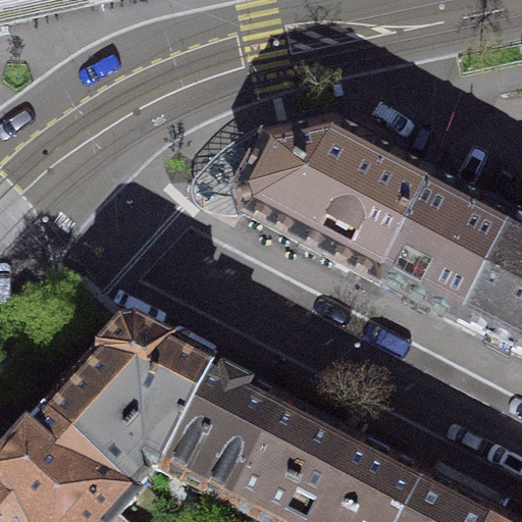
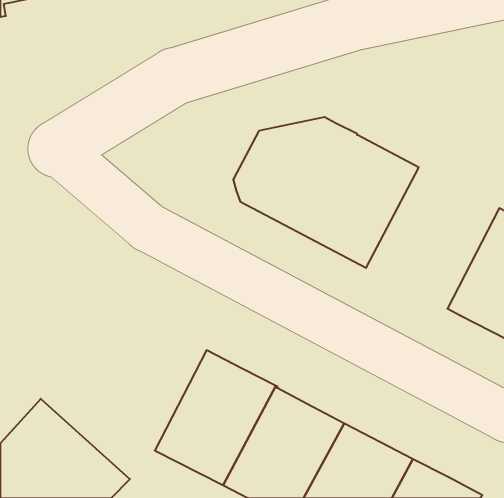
building: [379,172,516,317] -> none
building: [46,315,215,492] -> none

